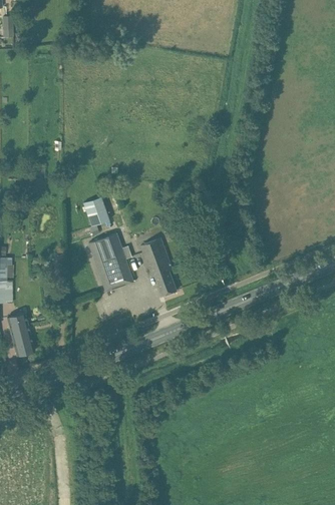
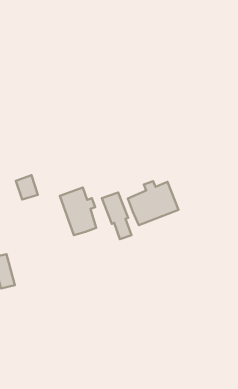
building: [83,195,110,225] -> [16,175,38,200]
building: none -> [128,181,178,225]

